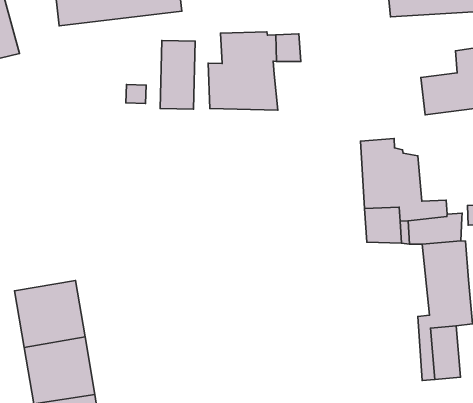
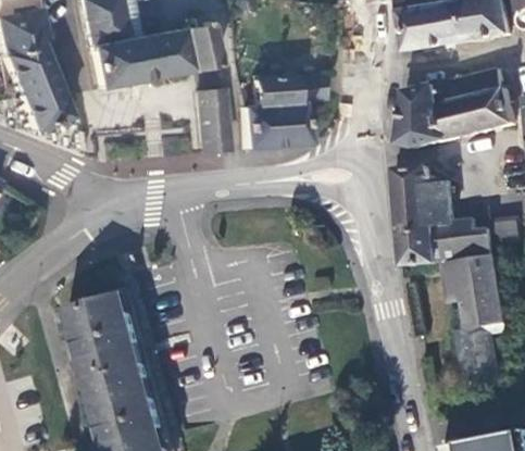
building: none -> [399,75,475,147]
building: none -> [68,292,135,340]

